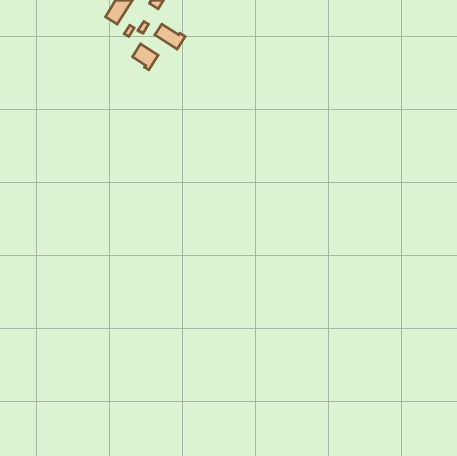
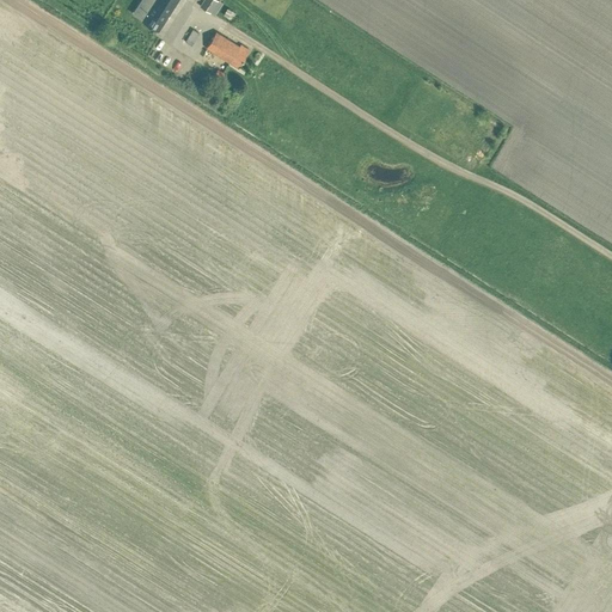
building: [133,44,158,70] -> none

